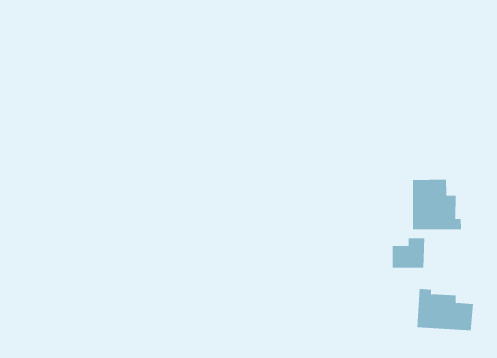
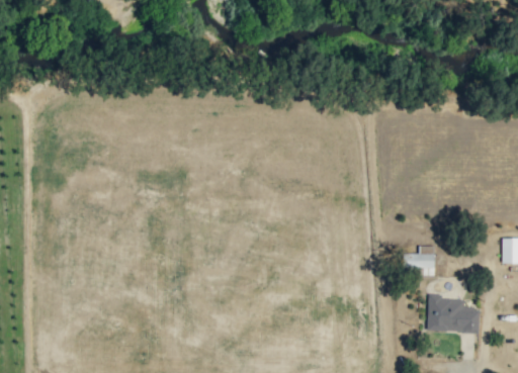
building: [413,179,462,230] -> none

